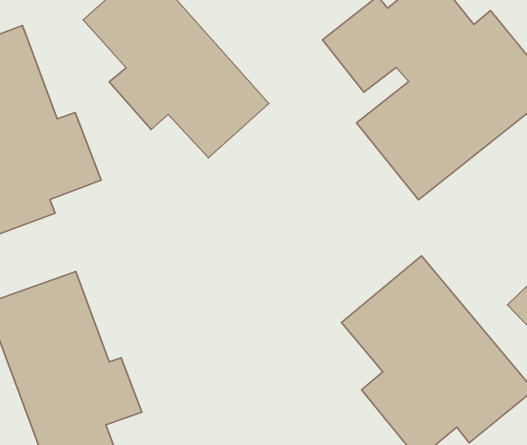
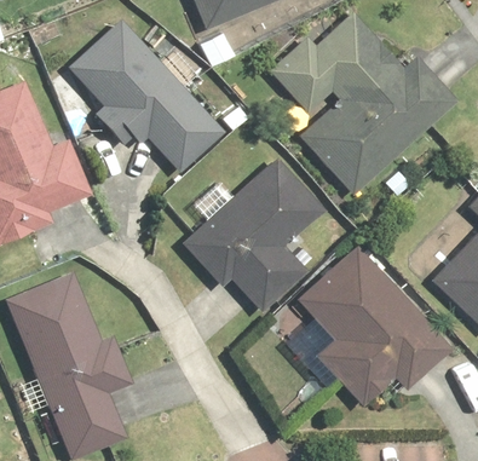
building: none -> [178,156,324,315]

